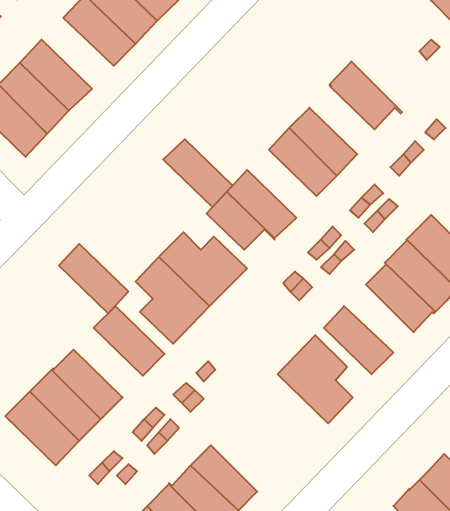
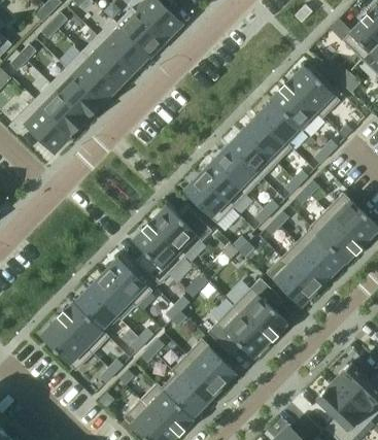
building: none -> [66,53,117,103]
building: none -> [286,66,340,120]
building: none -> [256,101,303,149]
building: [163,139,233,207] -> [212,146,262,195]
building: [59,244,128,313] -> [89,273,138,323]
building: none -> [281,242,331,291]
building: none -> [208,306,270,358]
building: none -> [186,339,236,390]

